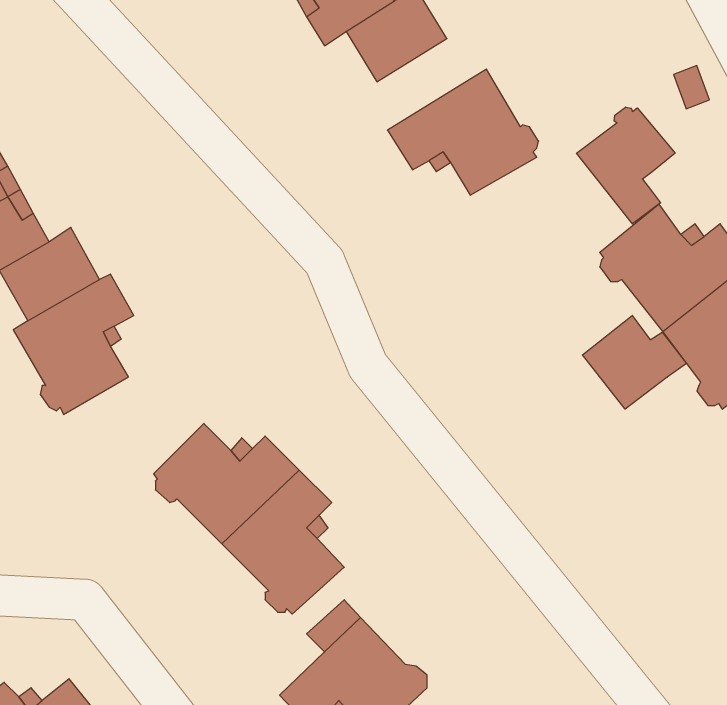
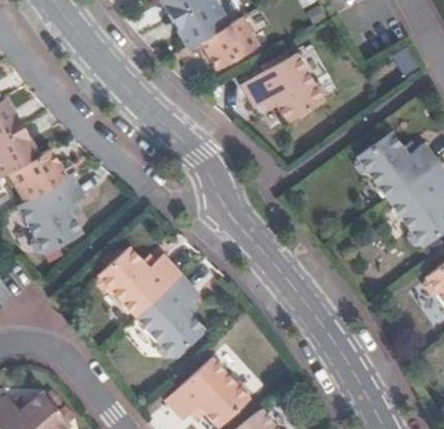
building: [577,107,675,224] -> none
building: [582,315,687,409] -> none

